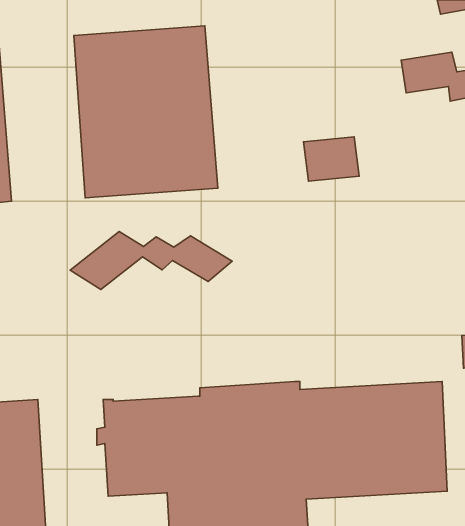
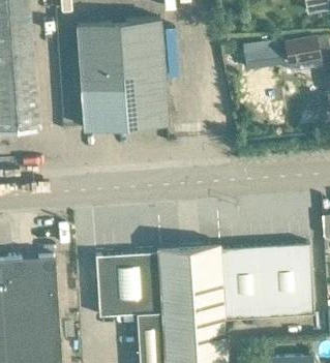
building: [304,137,359,181] -> [243,42,278,70]
building: [70,232,232,289] -> none

